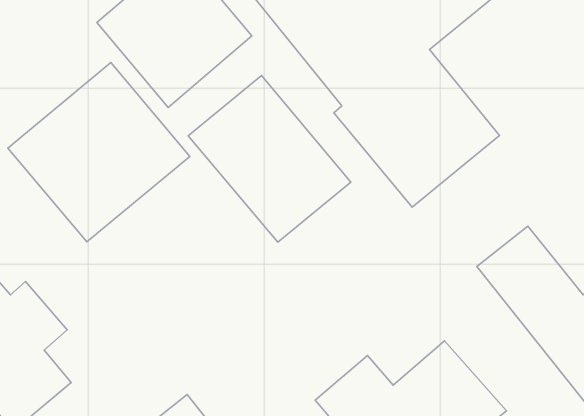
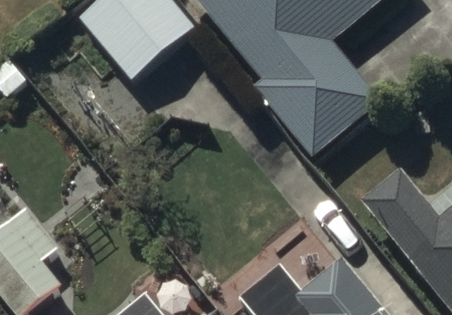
building: [8,63,190,242] -> none
building: [188,76,351,242] -> none

